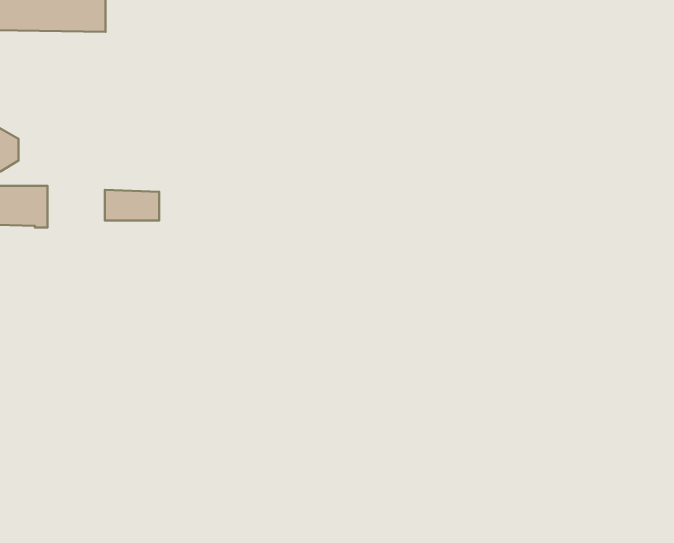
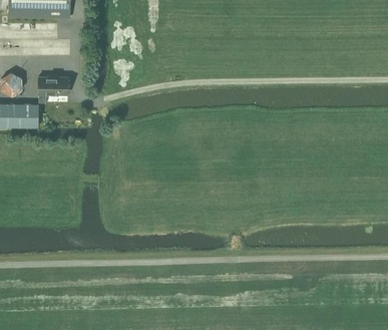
building: [105,190,159,221] -> [38,77,68,94]

